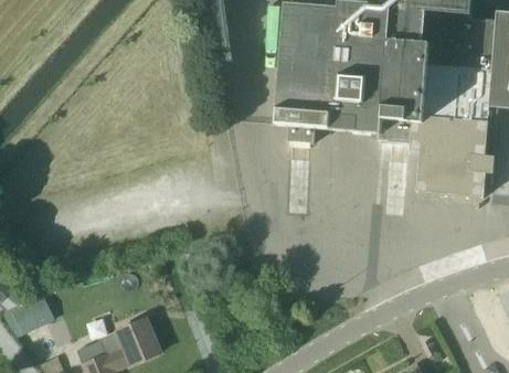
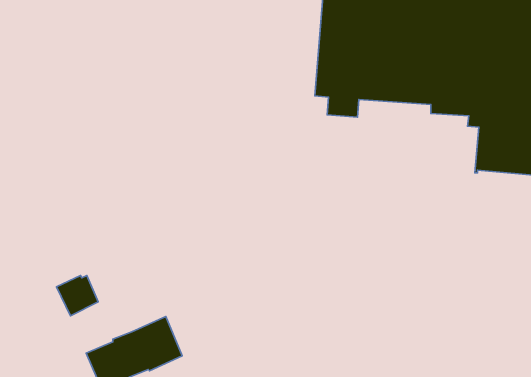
building: [10,298,46,333] -> [57,275,98,316]

